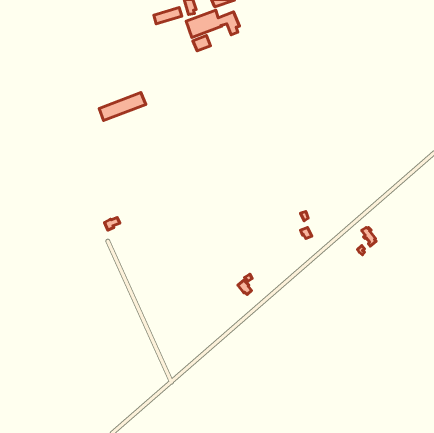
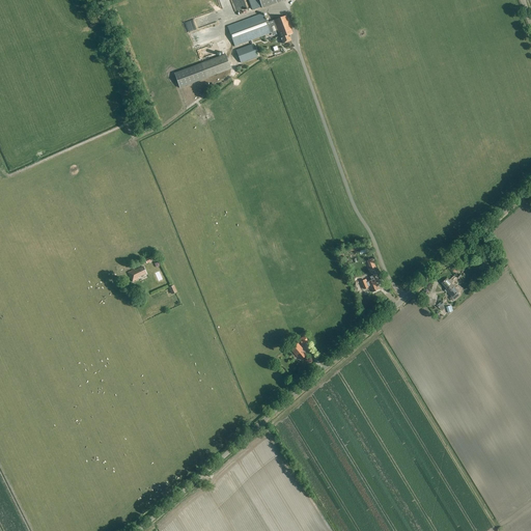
building: [99,93,146,121] -> [174,54,231,88]

